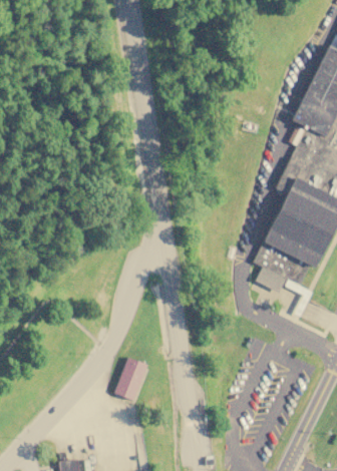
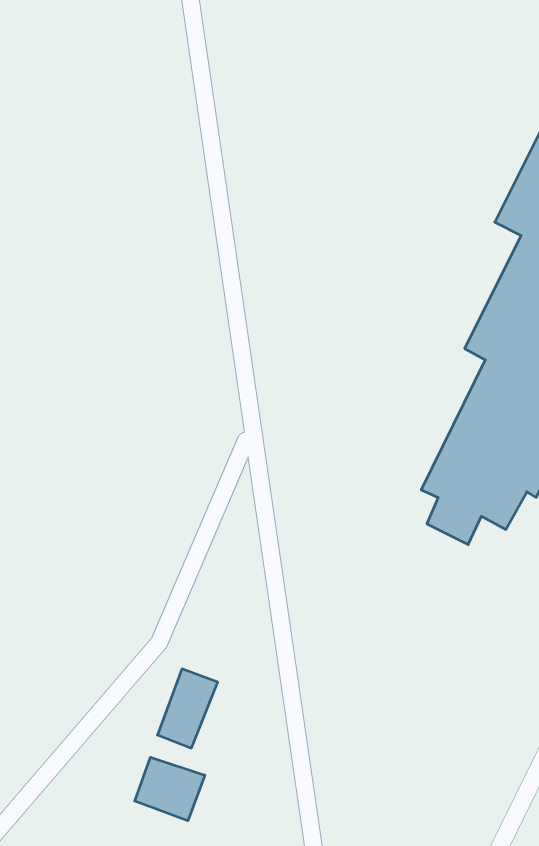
building: none -> [135,757,205,821]

